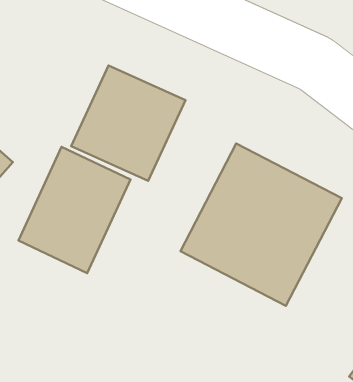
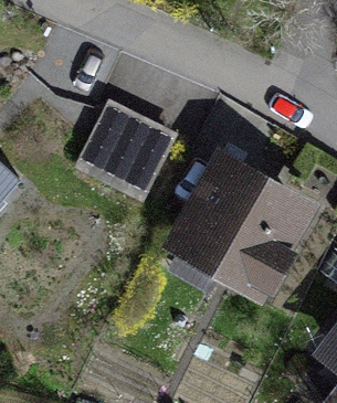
building: [18,147,130,273] -> none

